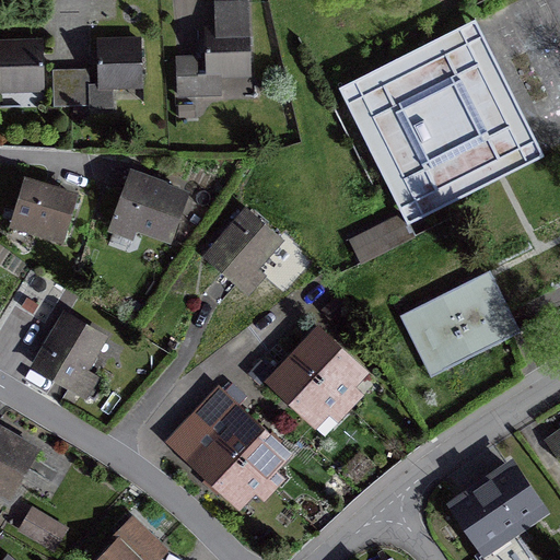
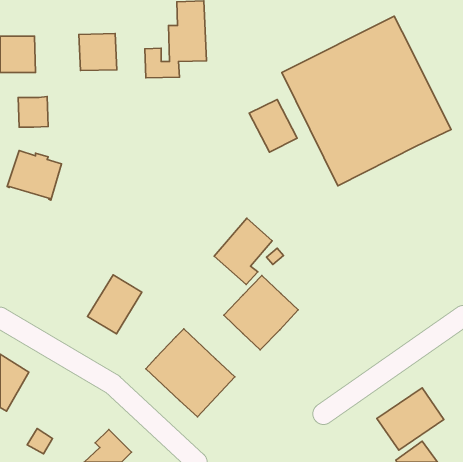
building: [51,69,88,106] -> [18,96,48,127]
building: none -> [249,100,297,152]
building: [114,174,183,238] -> none
building: [207,211,277,291] -> [214,218,272,284]
building: [415,276,506,365] -> none
building: [35,316,101,387] -> [88,275,142,334]

